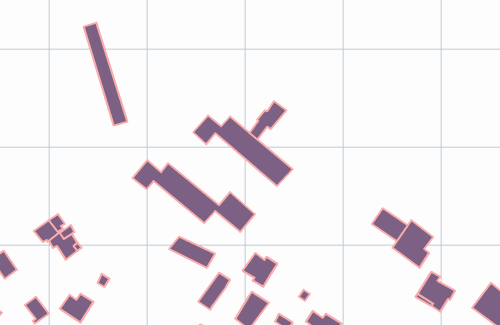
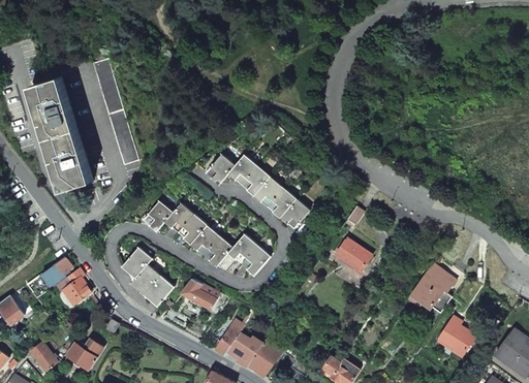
building: none -> [30,77,93,192]
building: [250,101,286,139] -> none
building: none -> [123,248,173,306]
building: [372,208,408,241] -> [336,238,373,273]
building: [243,253,277,287] -> [226,332,262,368]

